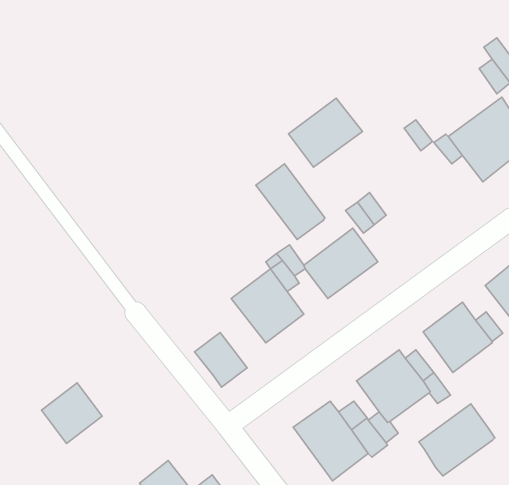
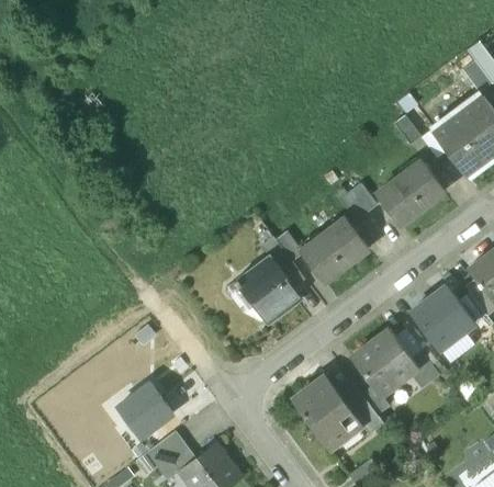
building: [289,98,363,167] -> [377,161,445,225]
building: [256,164,325,240] -> none
building: [195,332,247,387] -> none
building: [42,383,102,444] -> [116,383,172,439]
building: [419,404,495,476] -> none

